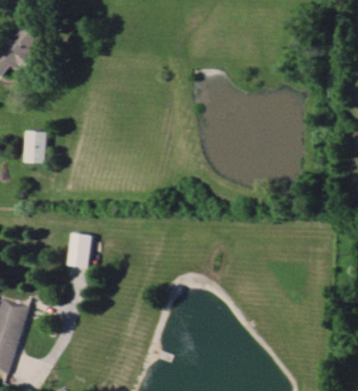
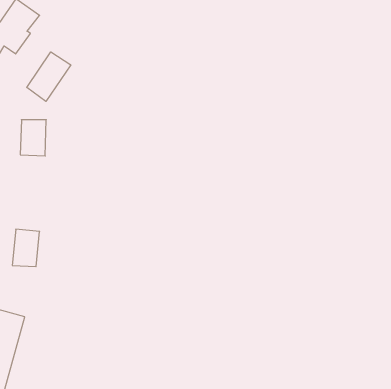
building: none -> [27,52,71,101]
building: [68,234,92,267] -> [12,229,40,267]

